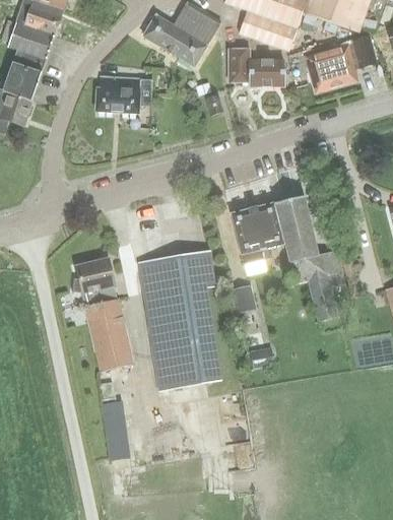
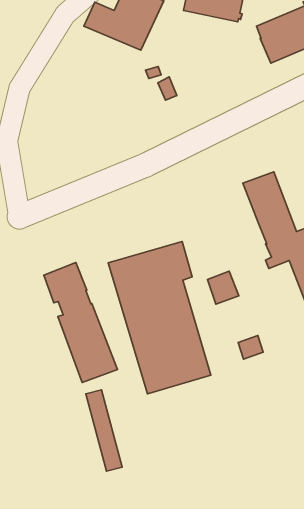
building: [227,48,283,84] -> none
building: [94,75,151,112] -> none
building: [230,201,283,262] -> none

